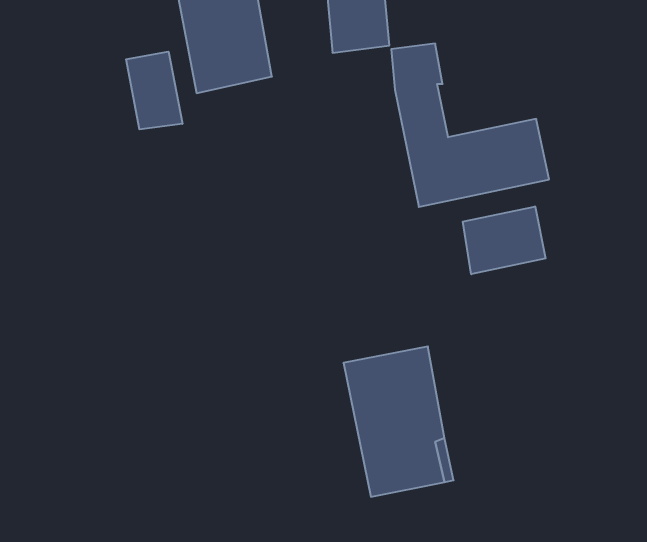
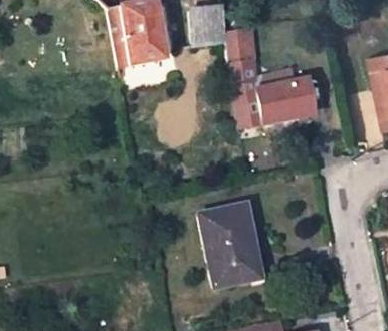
building: [126,52,182,129] -> none
building: [463,206,546,274] -> none

